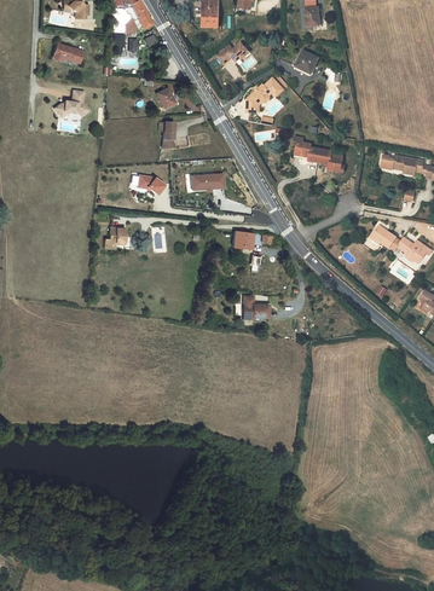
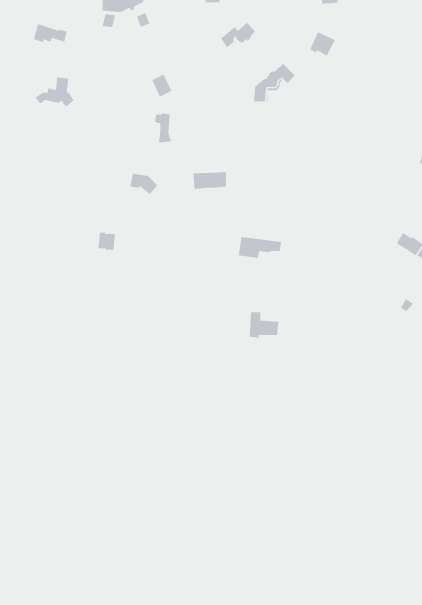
building: [294,143,343,175] -> none

